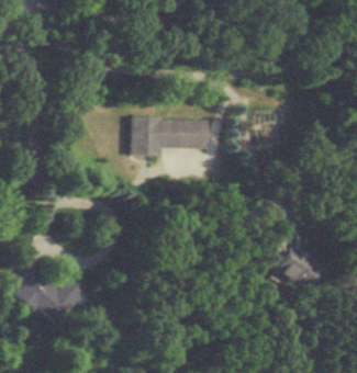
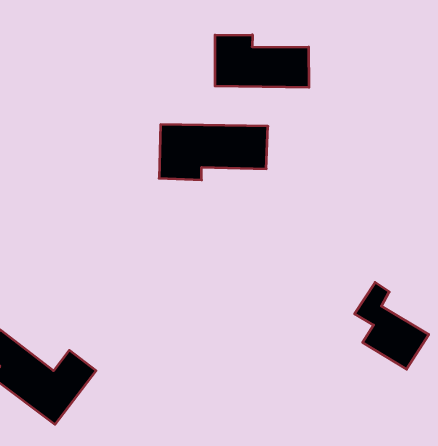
building: none -> [215,35,309,87]

